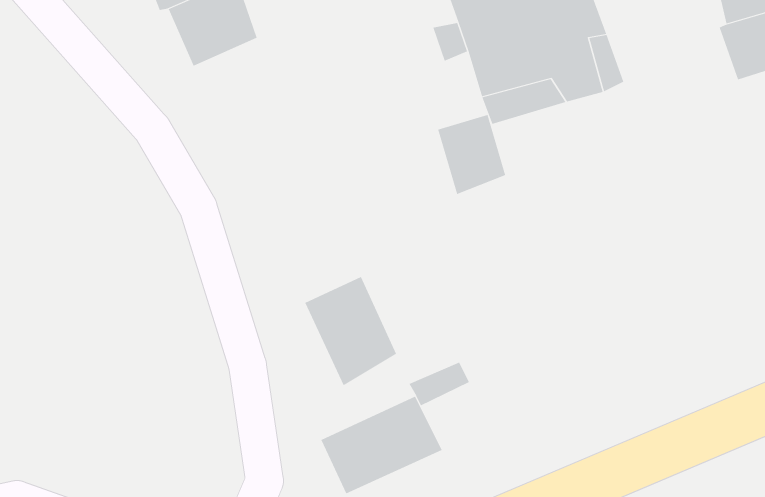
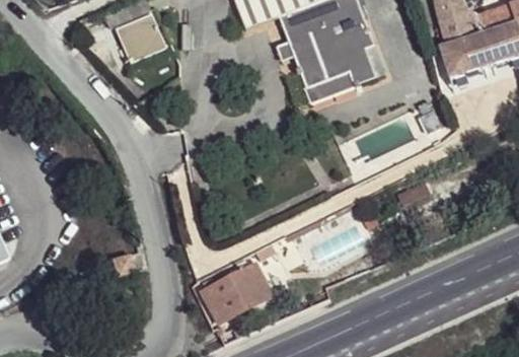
building: [437,114,506,195] -> none
building: [304,276,397,386] -> none

